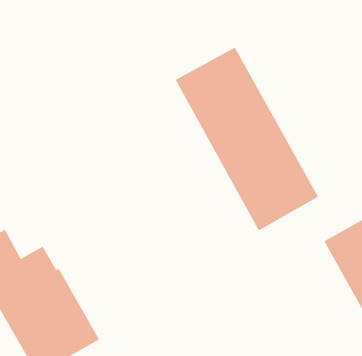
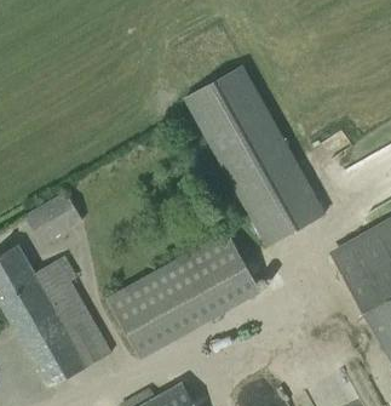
building: none -> [24,191,82,244]
building: none -> [107,230,260,360]

